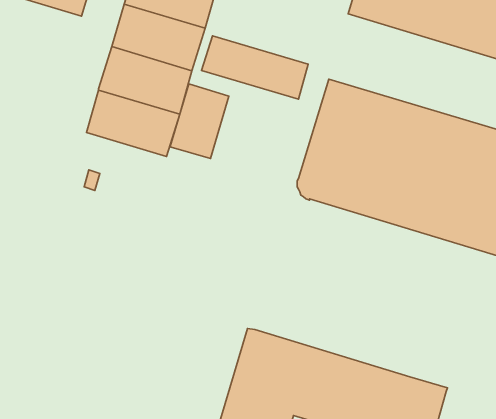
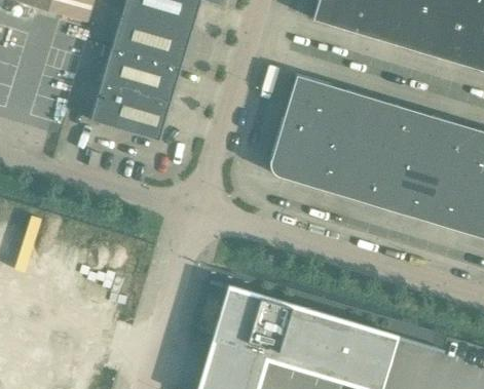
building: [202,36,308,99] -> none
building: [170,84,229,158] -> none

